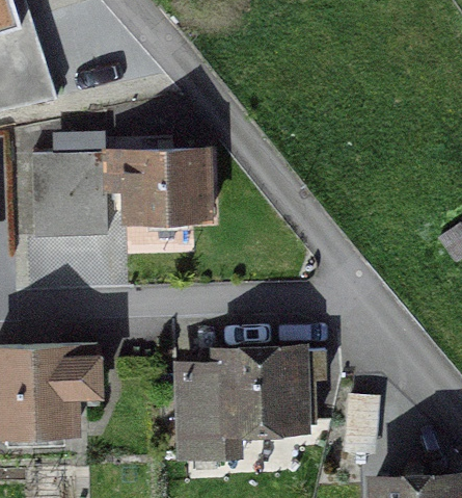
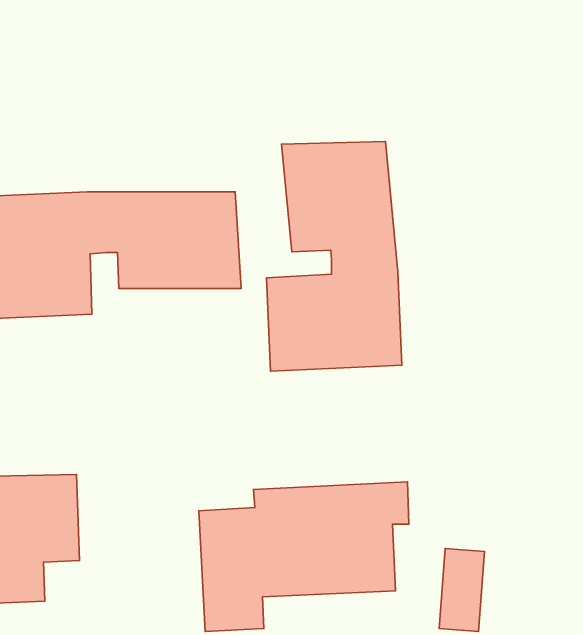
building: none -> [267,142,402,371]

